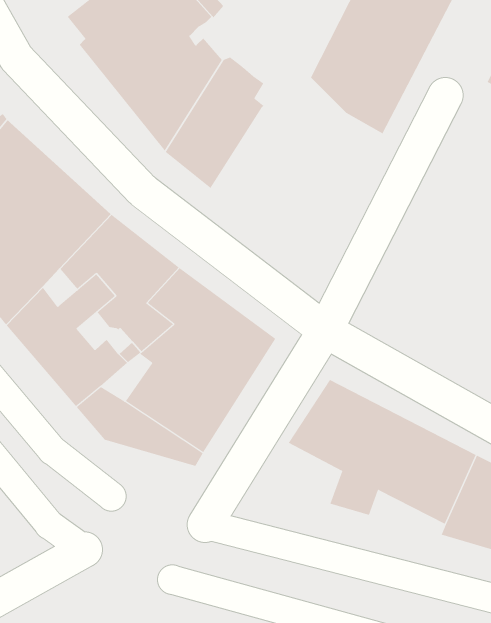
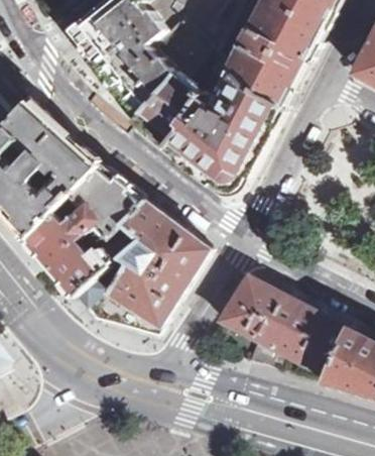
building: none -> [164,68,281,187]

